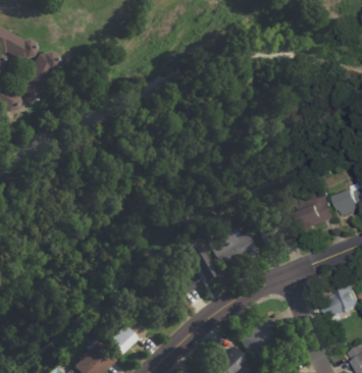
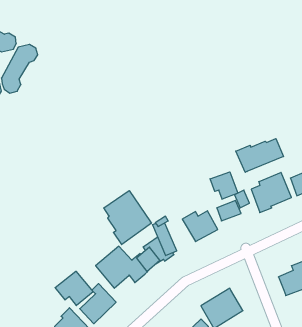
building: none -> [236,139,283,172]
building: none -> [210,172,238,199]
building: none -> [104,191,151,245]
building: none -> [55,271,93,306]

